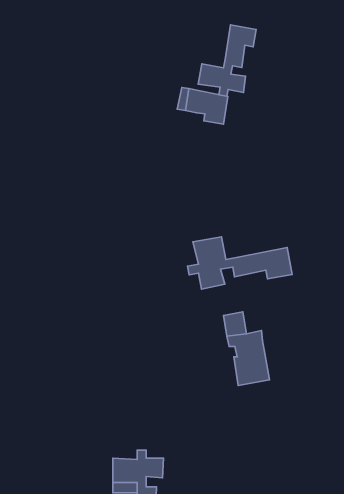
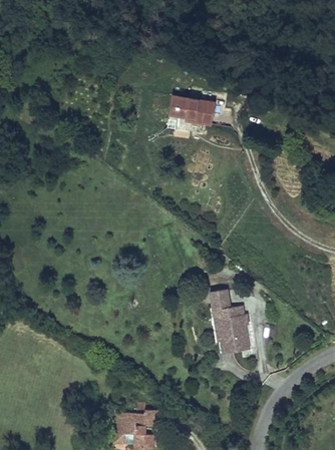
building: [198,25,256,96] -> none
building: [187,237,292,289] -> none

